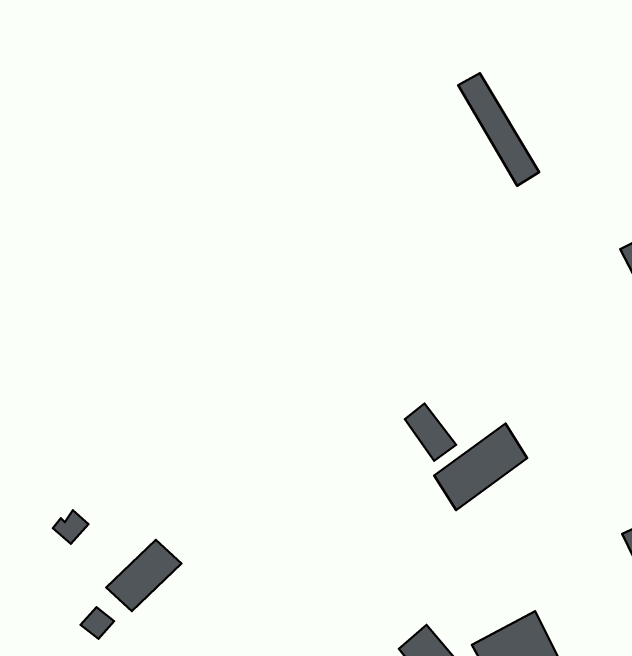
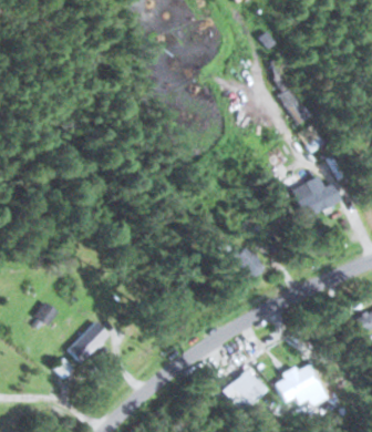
building: none -> [292,175,340,216]
building: [434,424,527,510] -> none

